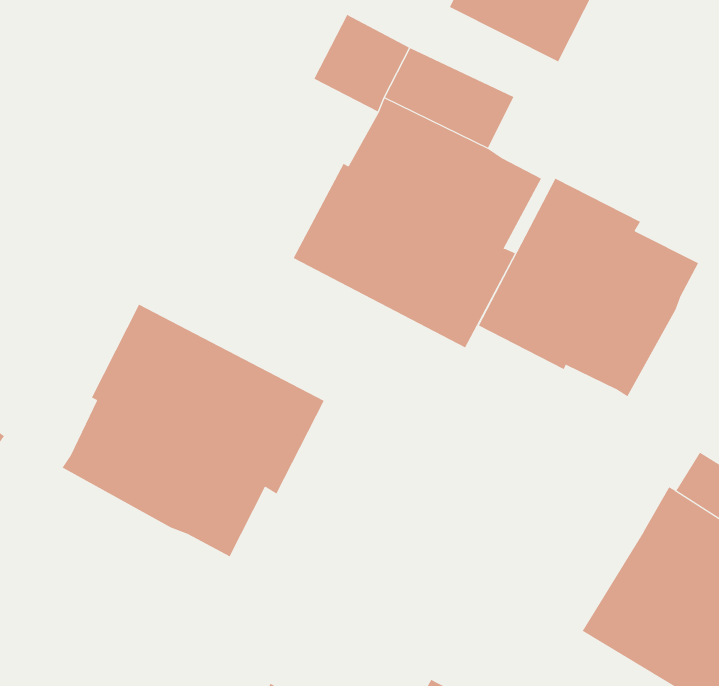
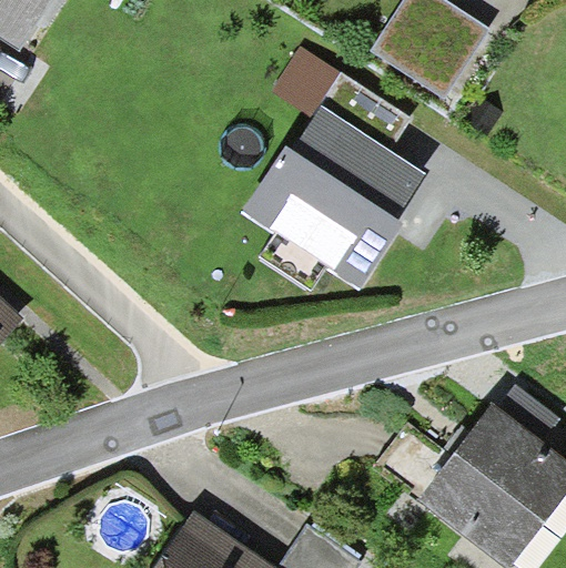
building: [478,178,699,397] -> none
building: [62,304,324,557] -> none

